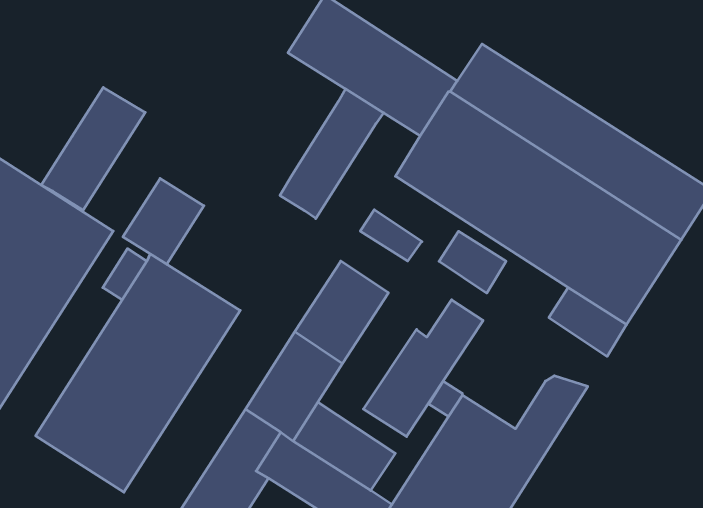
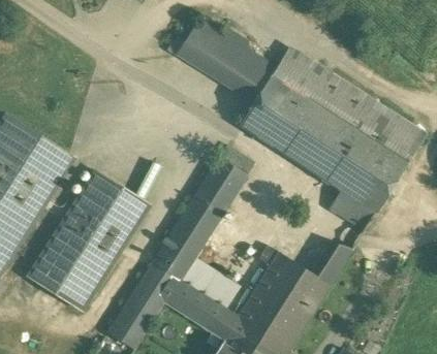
building: [41,87,145,210] -> none
building: [280,89,384,219] -> none
building: [123,178,204,264] -> none
building: [439,231,506,293] -> [208,158,247,194]
building: [363,300,483,437] -> none

